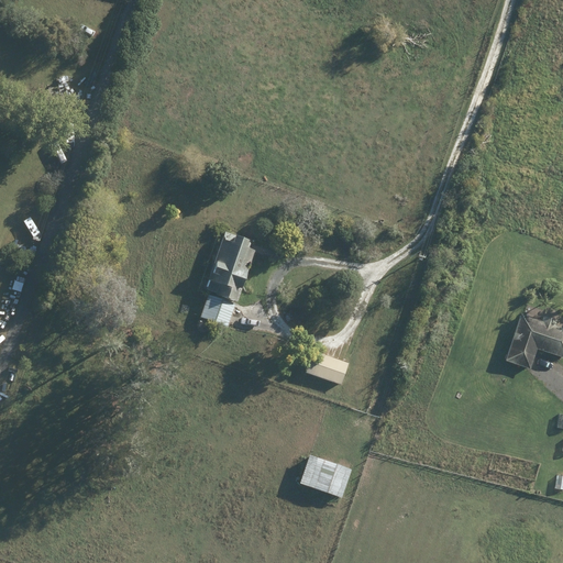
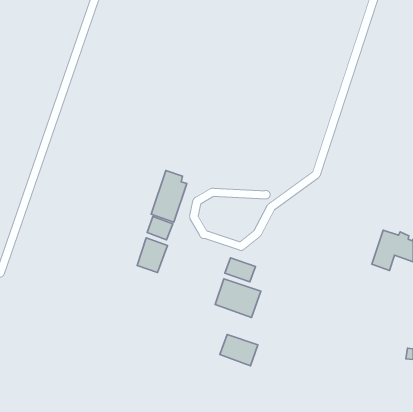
building: none -> [137,238,167,273]
building: none -> [215,279,261,317]

